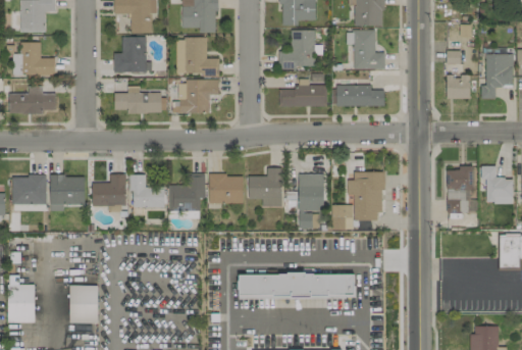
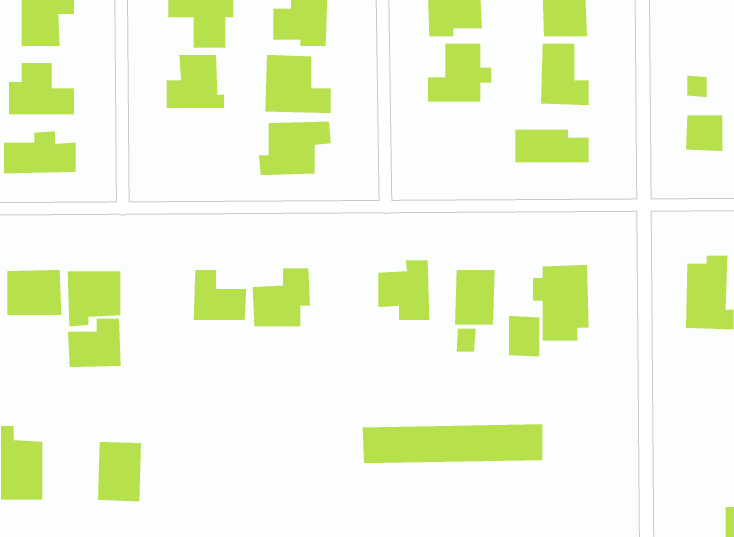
building: [114,86,162,113] -> none
building: [279,87,326,107] -> none
building: [92,174,126,206] -> [67,318,121,368]
building: [209,174,243,203] -> none

